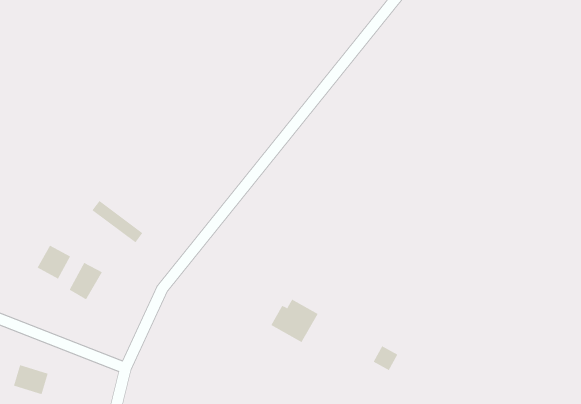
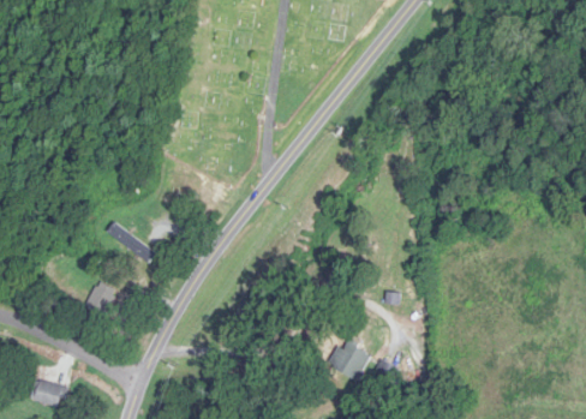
building: [37,245,71,279] -> none
building: [270,299,318,343] -> [328,339,373,381]

